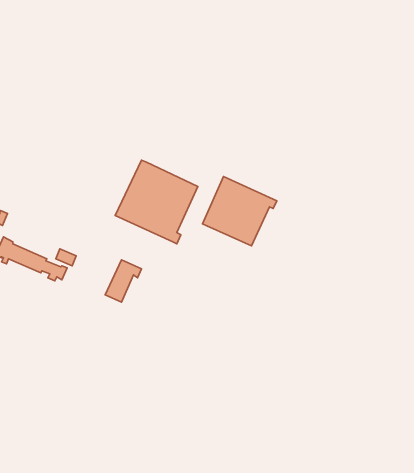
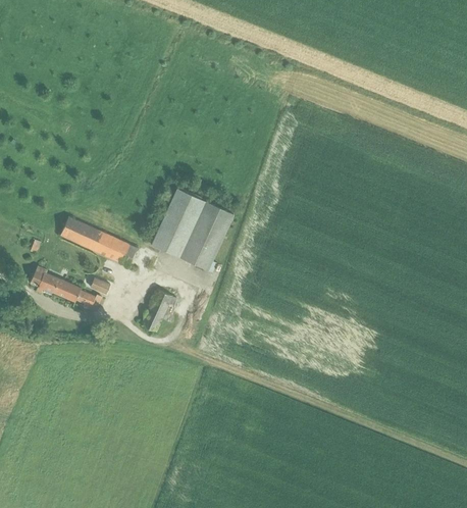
building: [203,176,277,246] -> none
building: none -> [59,216,137,266]

